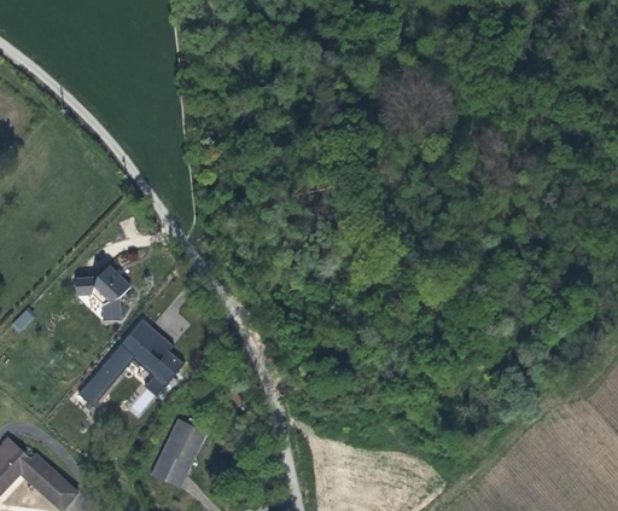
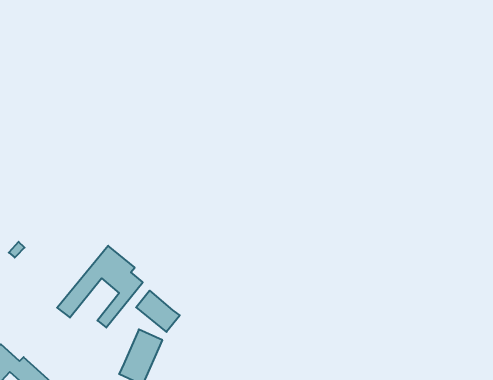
building: [80,269,135,325] -> none
building: none -> [136,291,180,332]

